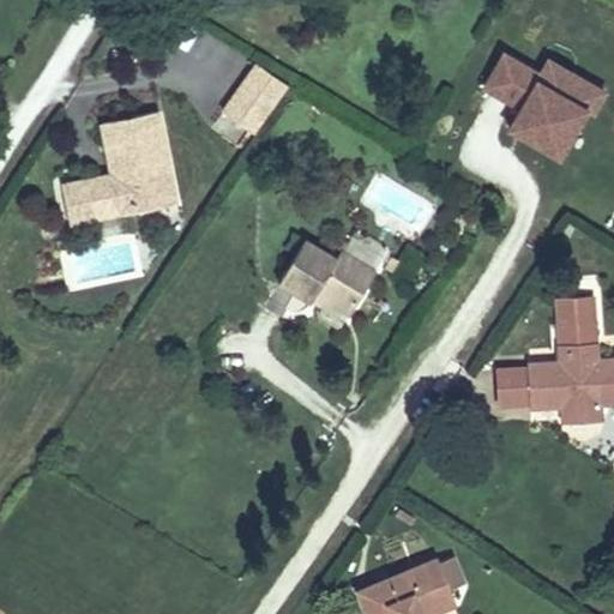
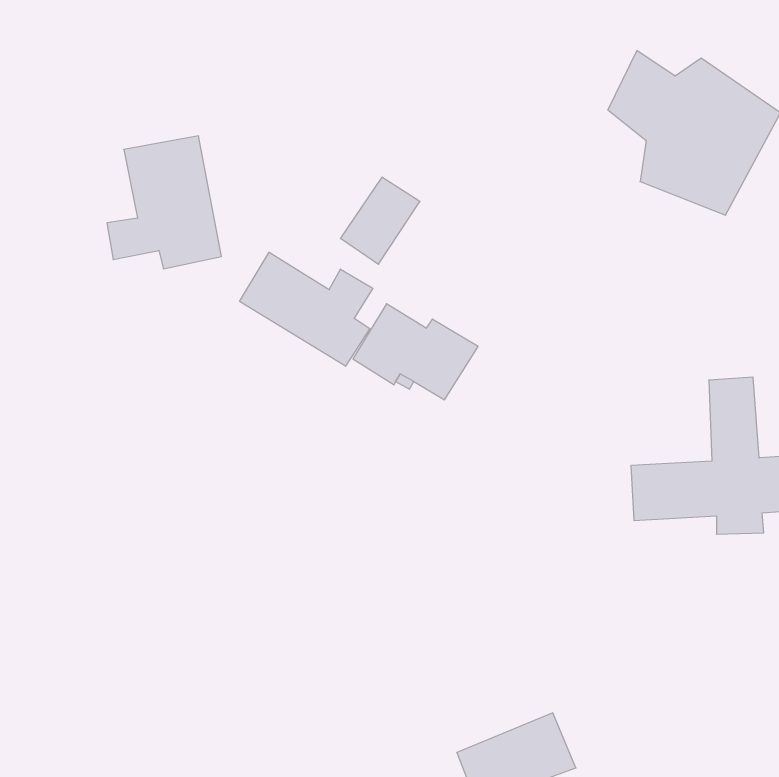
building: [225,65,288,133] -> [340,177,420,264]
building: [60,177,130,225] -> none
building: none -> [240,252,373,366]

